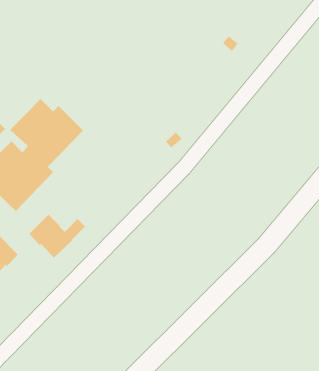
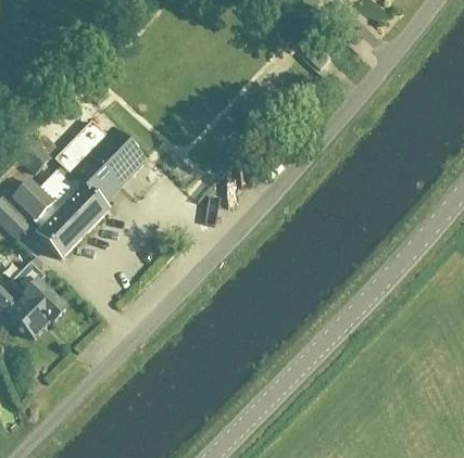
building: [28,214,86,258] -> none

